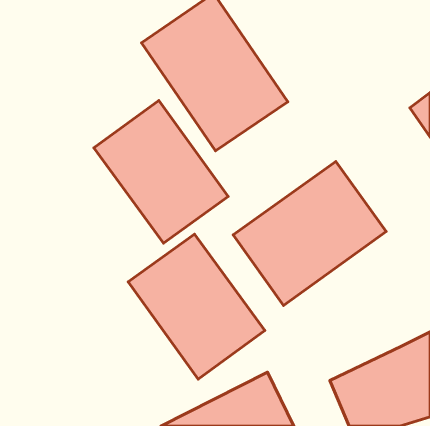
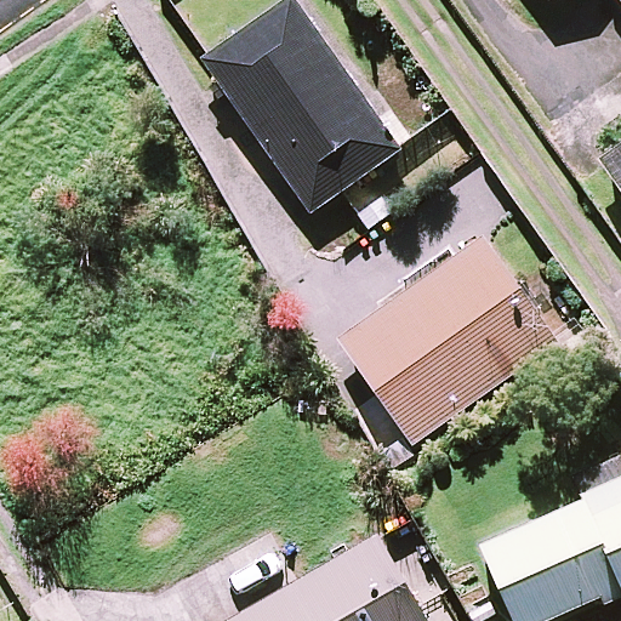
building: [94,100,228,243] -> none
building: [128,234,265,379] -> none

